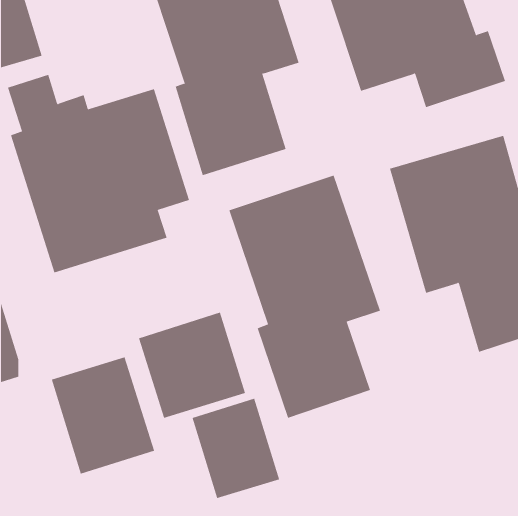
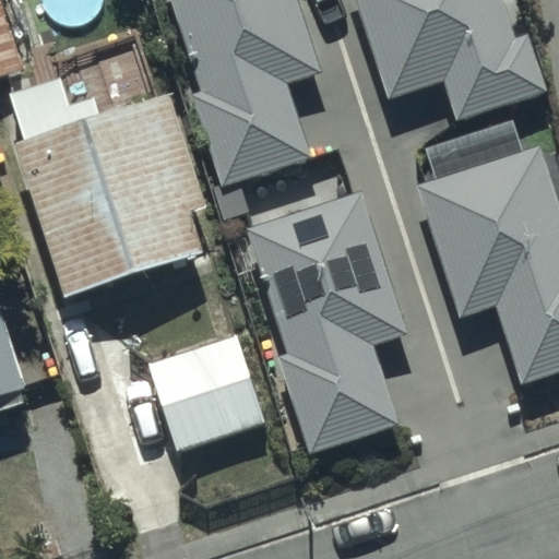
building: [51,357,155,475] -> none
building: [192,398,280,499] -> none

